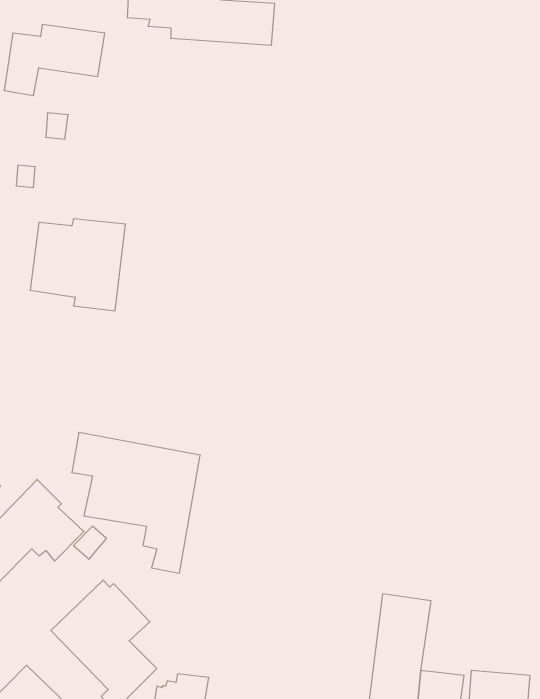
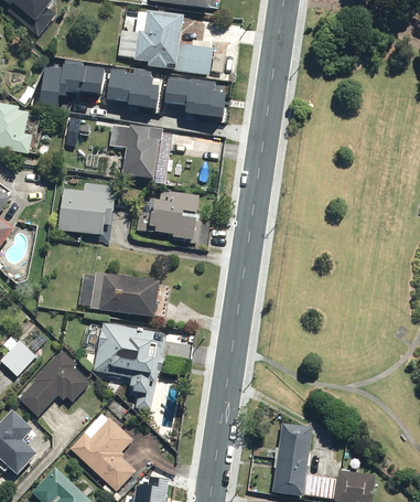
building: none -> [110,68,160,108]
building: none -> [166,76,228,118]
building: none -> [114,124,171,180]
building: none -> [147,189,202,244]
building: none -> [79,273,170,319]

